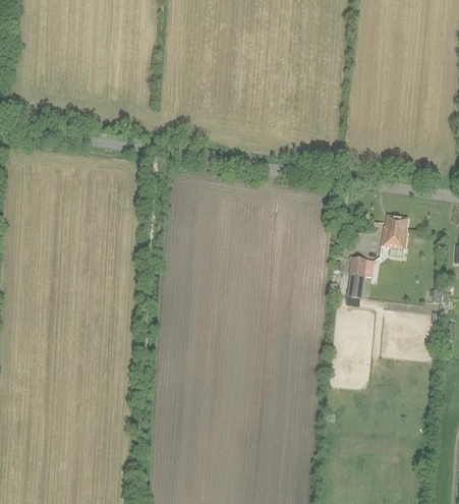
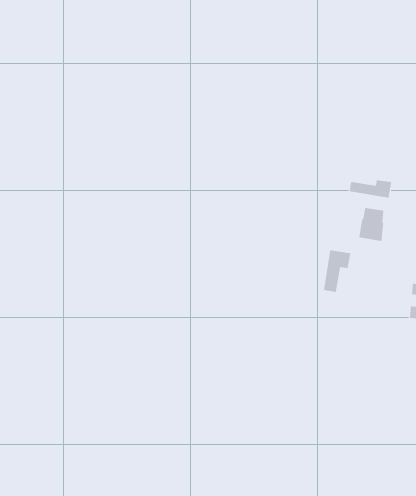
building: none -> [349,179,392,198]

